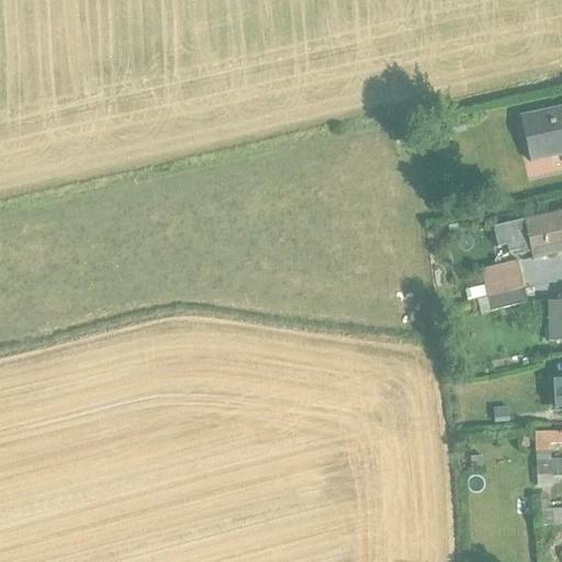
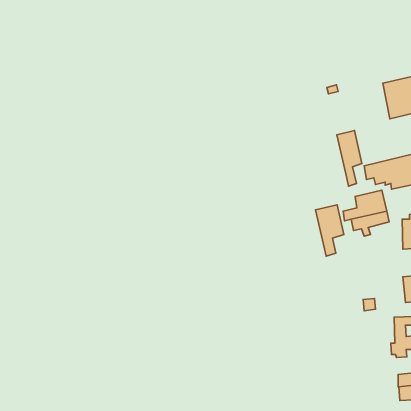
building: none -> [337,131,362,186]
building: none -> [316,205,344,256]

